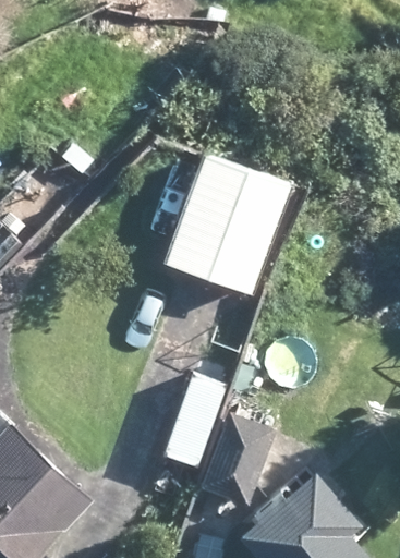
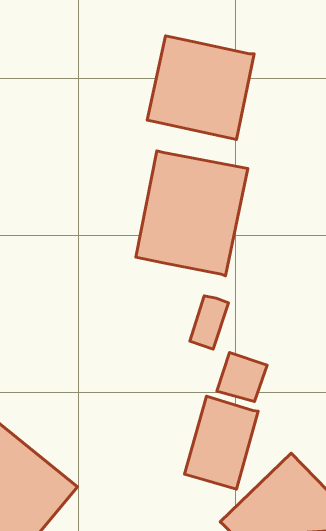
building: none -> [147,36,254,139]

